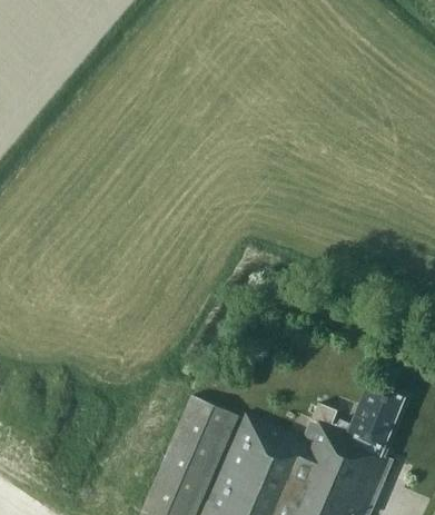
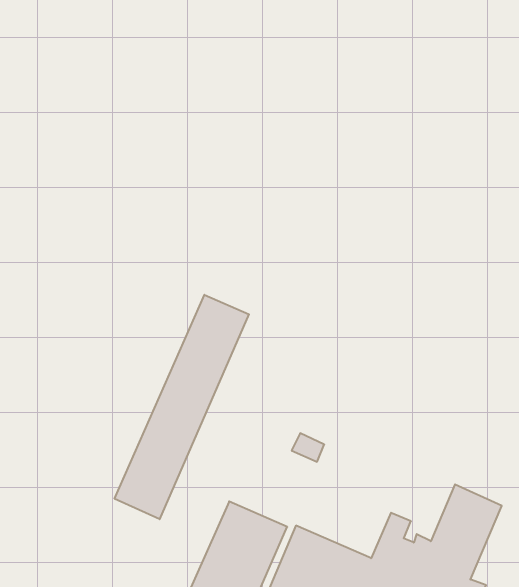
building: none -> [115,295,249,519]

